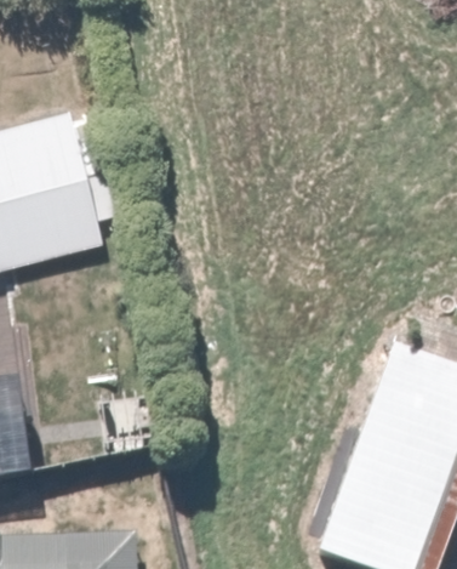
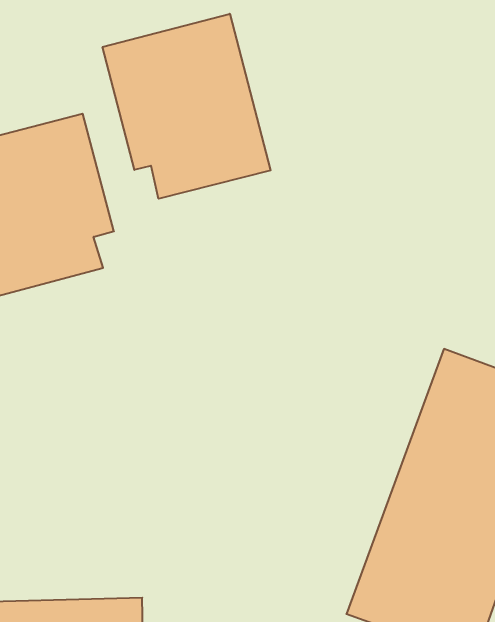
building: none -> [103,14,271,199]

